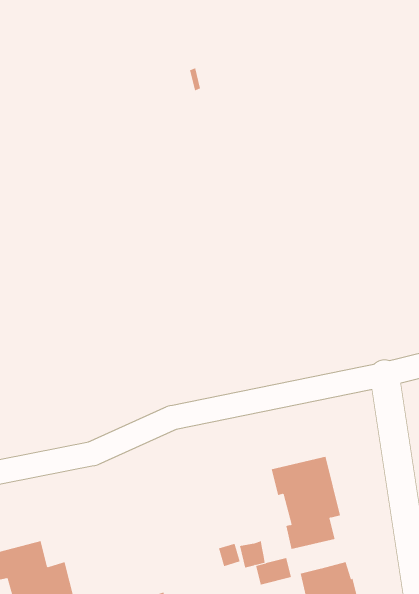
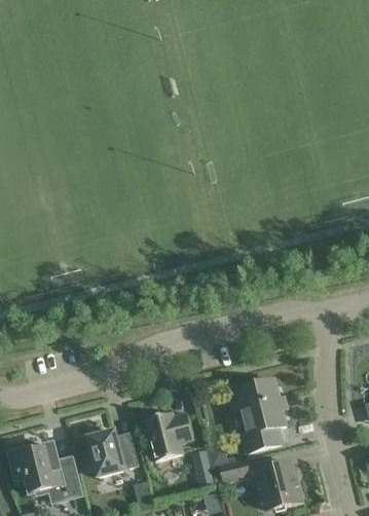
building: none -> [146,411,194,459]
building: none -> [79,429,140,476]

